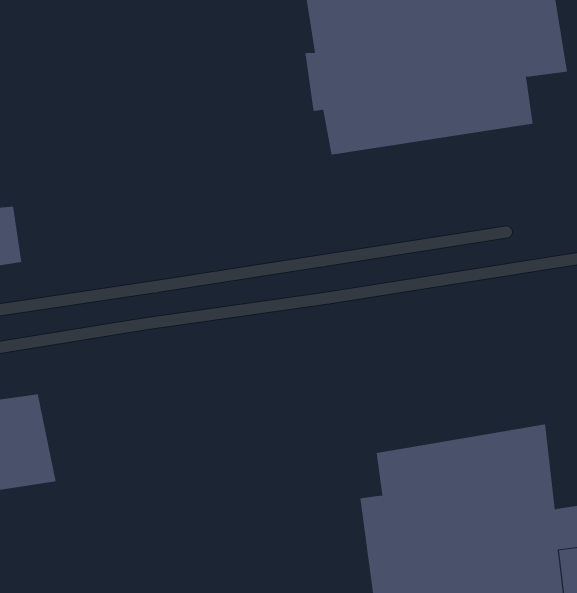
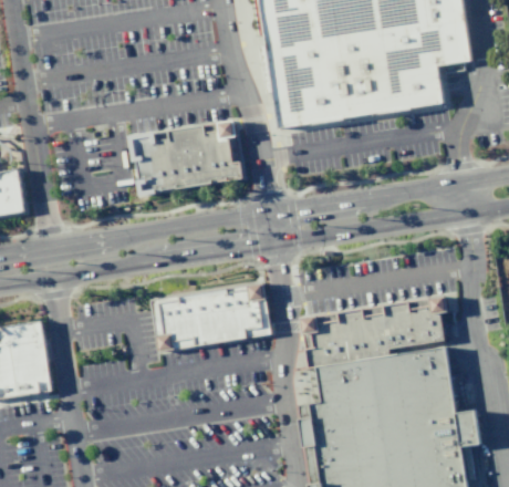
building: none -> [139,121,251,198]
building: none -> [152,283,274,352]
building: none -> [308,297,453,369]

